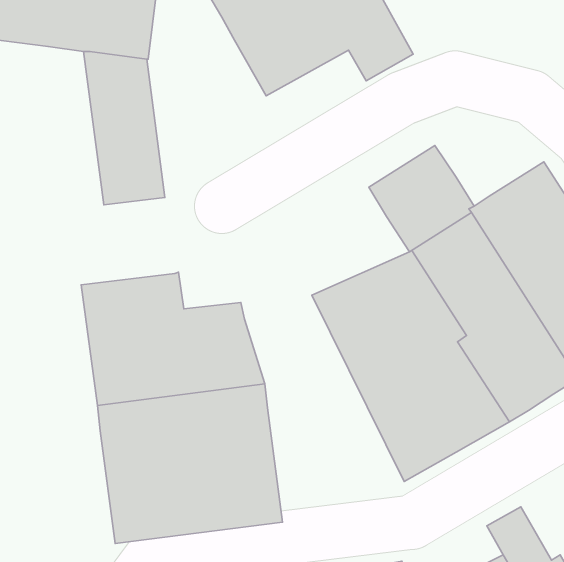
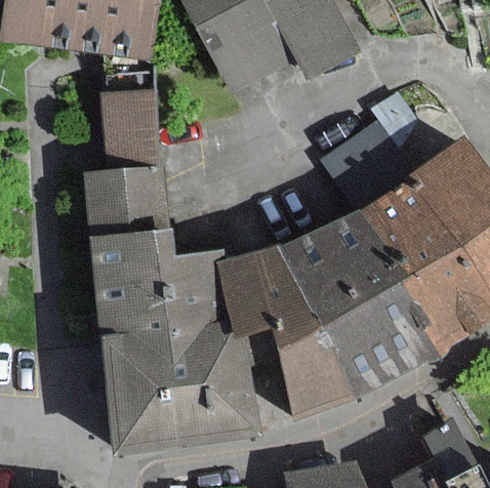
building: none -> [84,167,168,238]
building: none -> [224,246,354,415]

